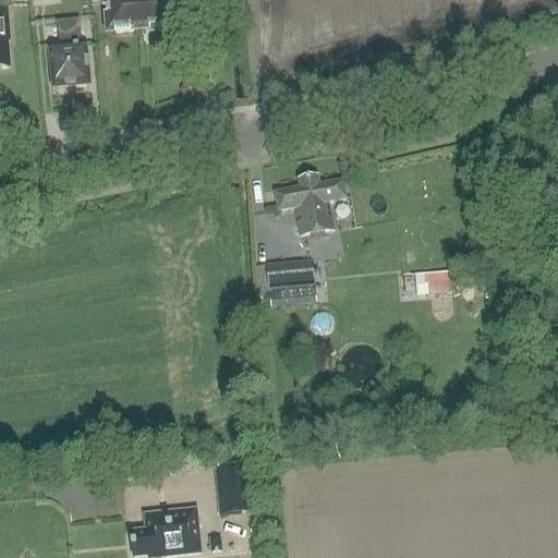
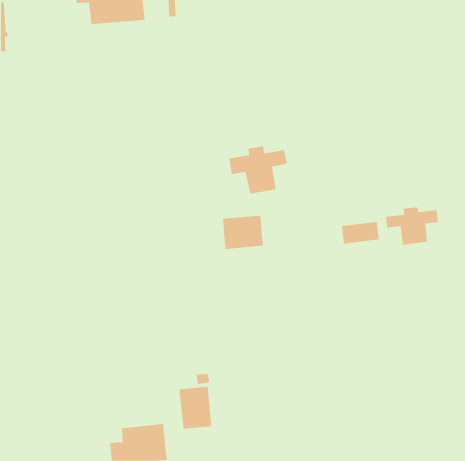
building: [48,16,88,85] -> none
building: none -> [385,206,438,245]

